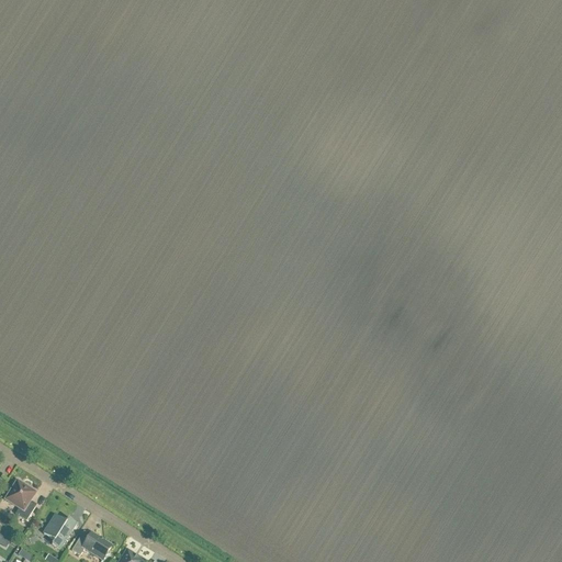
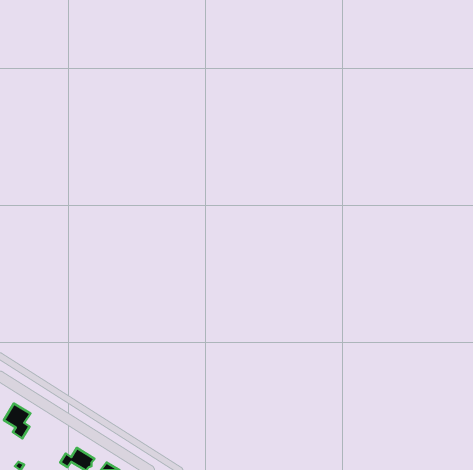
building: [43,514,77,549] -> none

